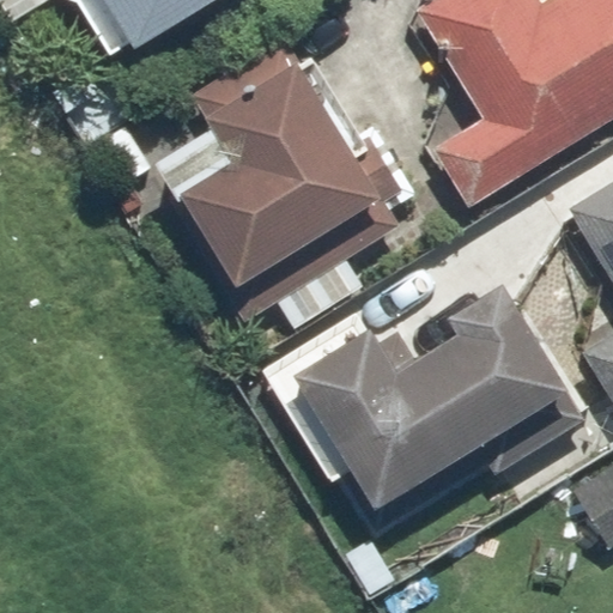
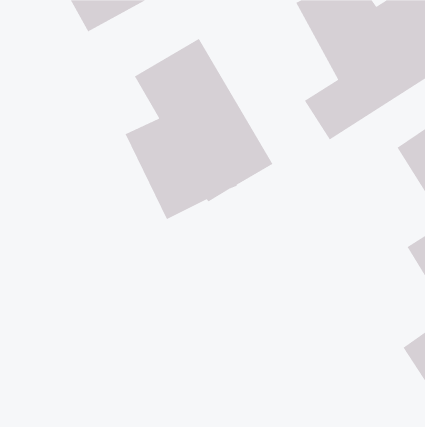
building: [296,285,562,509] -> none

